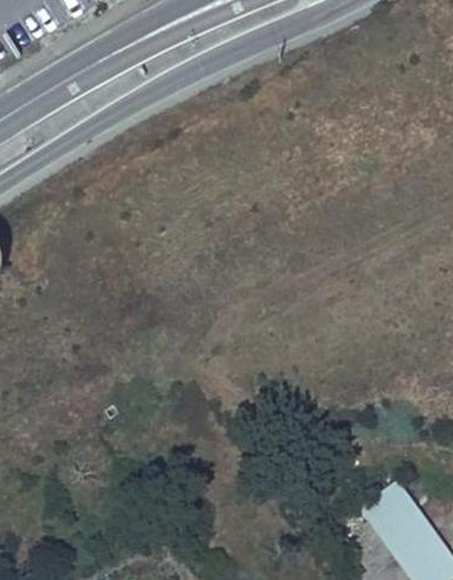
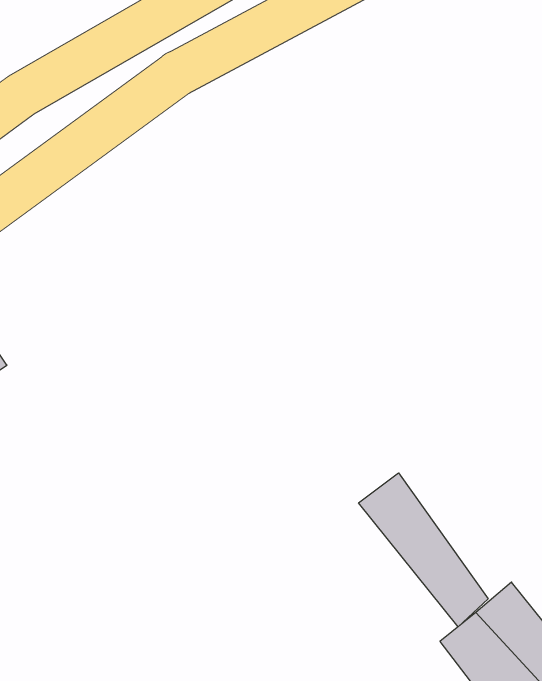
building: none -> [359,473,488,627]

